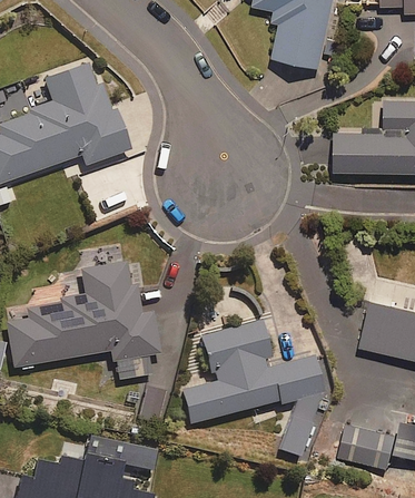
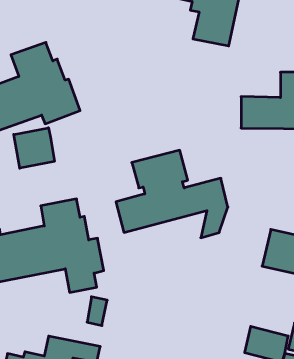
building: none -> [14,128,54,168]
building: [179,320,322,431] -> [116,150,228,238]

